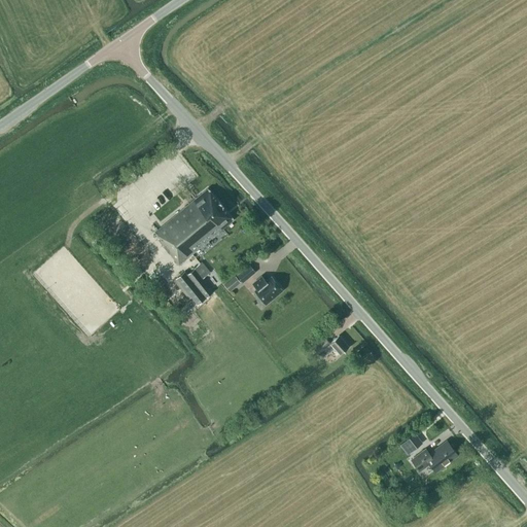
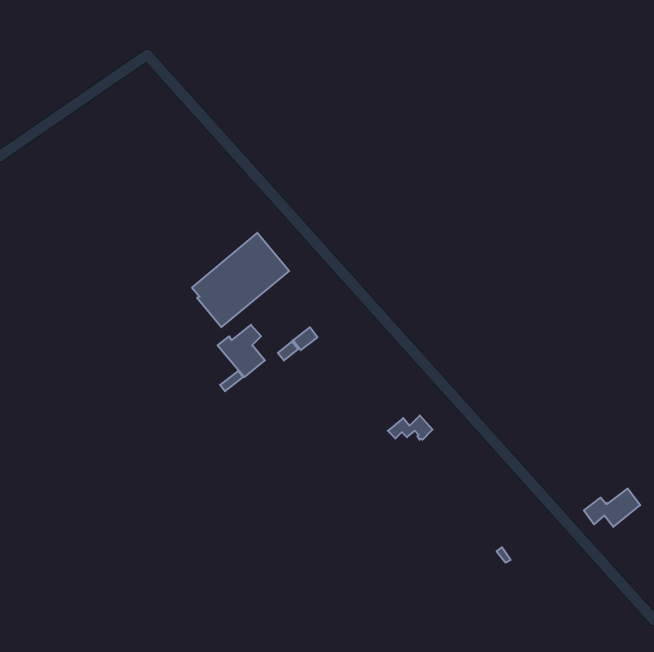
building: [252,276,282,304] -> none
building: [412,442,457,472] -> [584,489,640,527]

